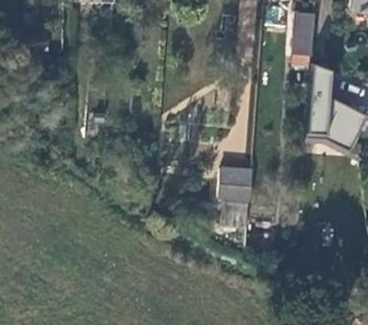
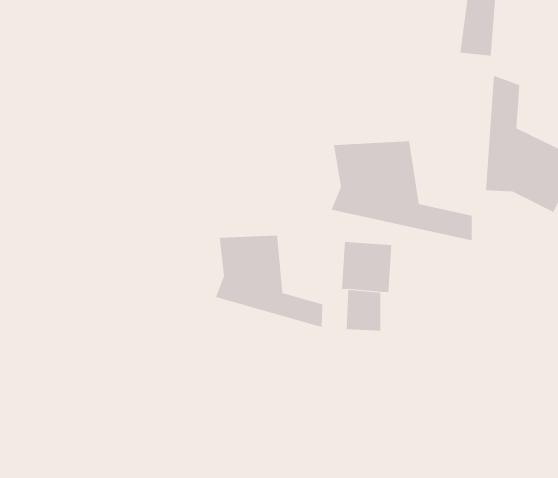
building: none -> [331,141,472,241]
building: none -> [215,235,323,328]

